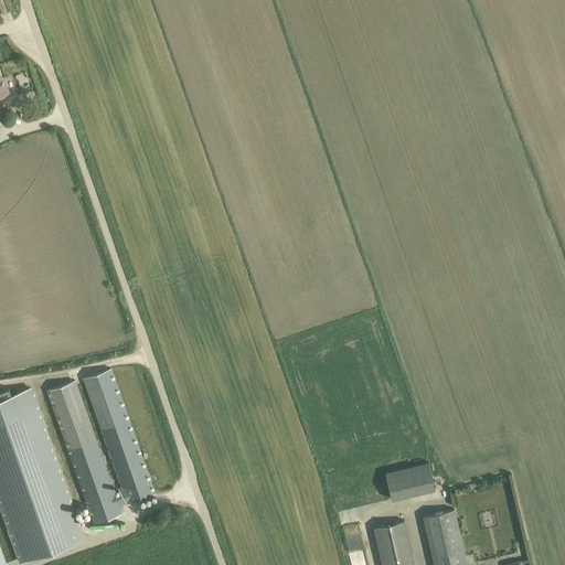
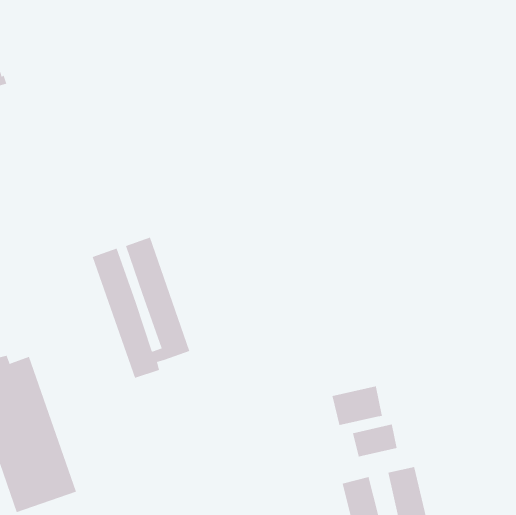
building: [46,370,153,524] -> [92,237,190,378]
building: none -> [332,386,382,426]

